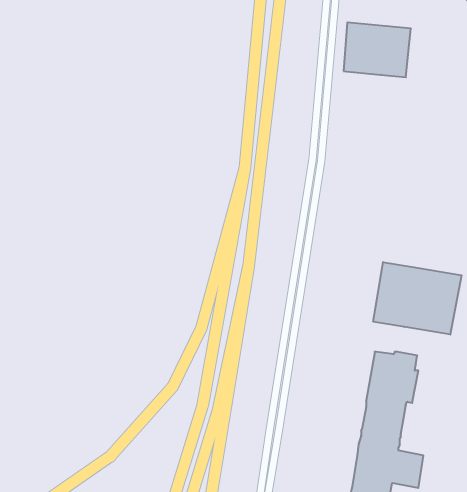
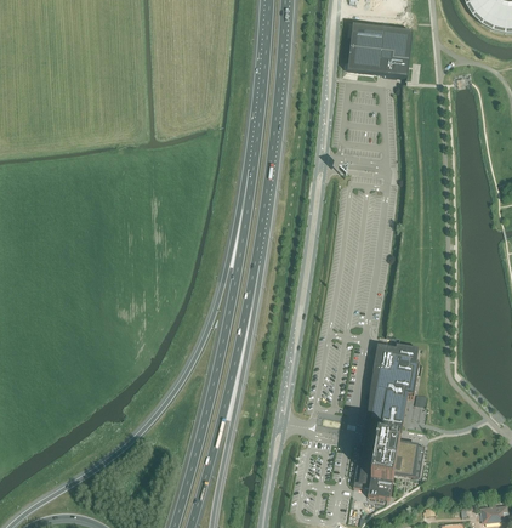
building: [373,262,462,335] -> none

